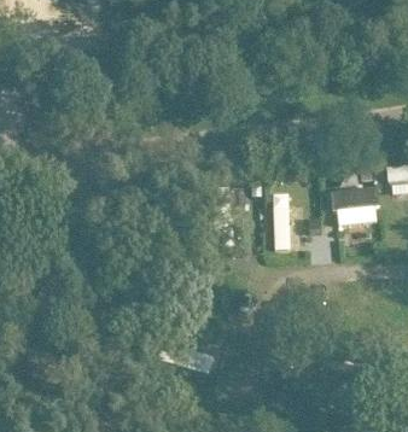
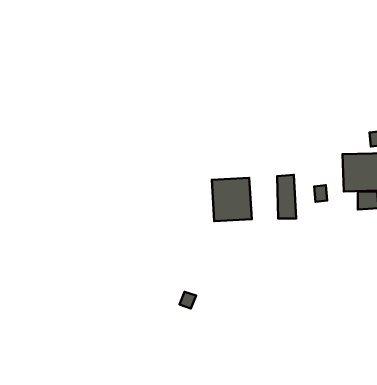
building: none -> [212,178,252,221]

